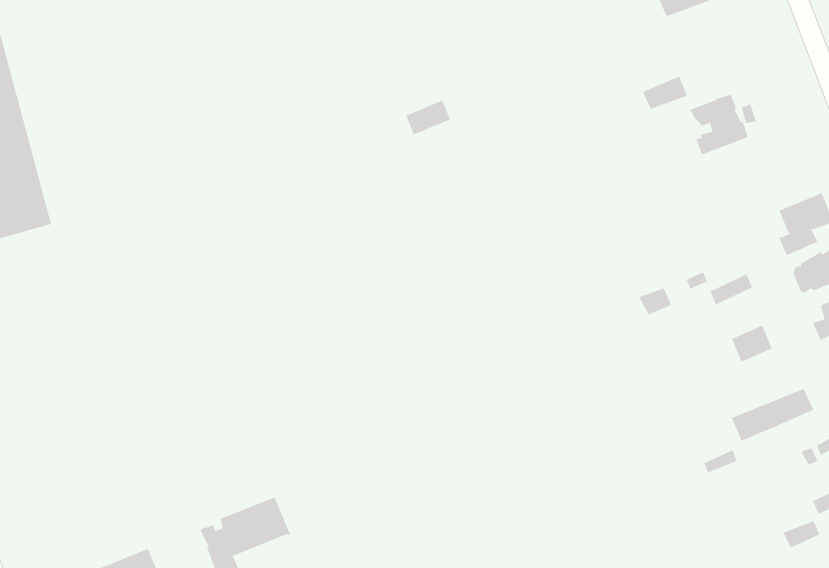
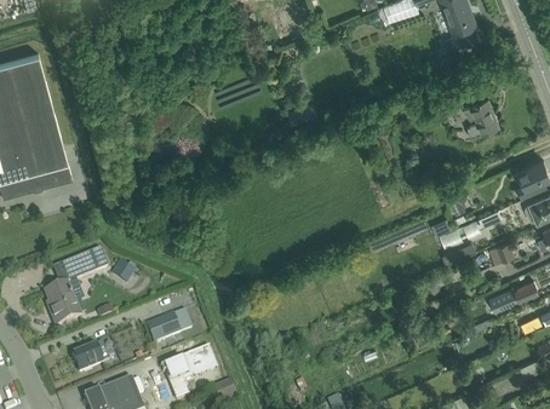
building: none -> [45,246,108,324]
building: none -> [147,306,191,340]
building: none -> [71,341,108,369]

